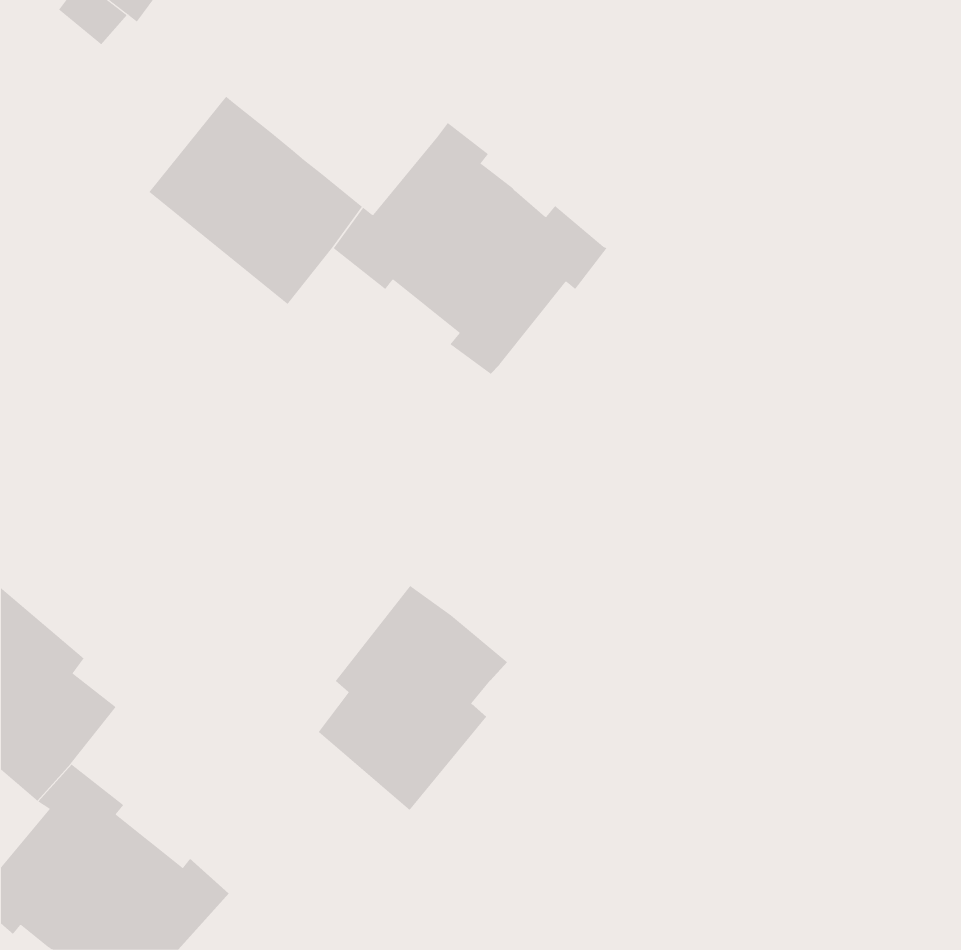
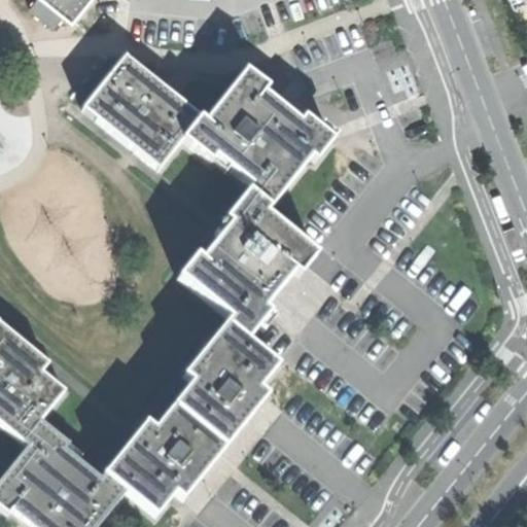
building: none -> [177,188,316,337]
building: none -> [104,400,224,513]

